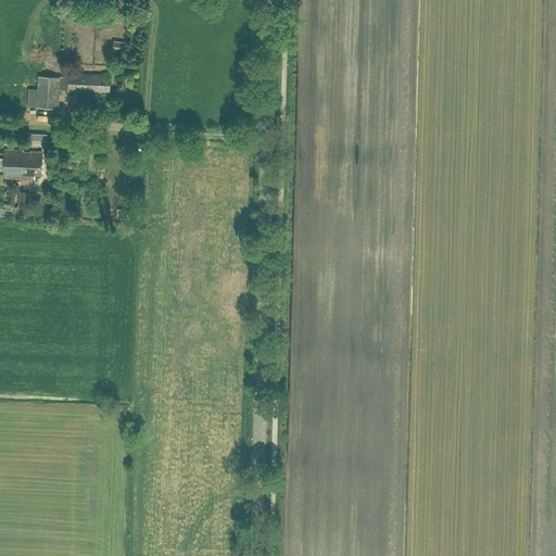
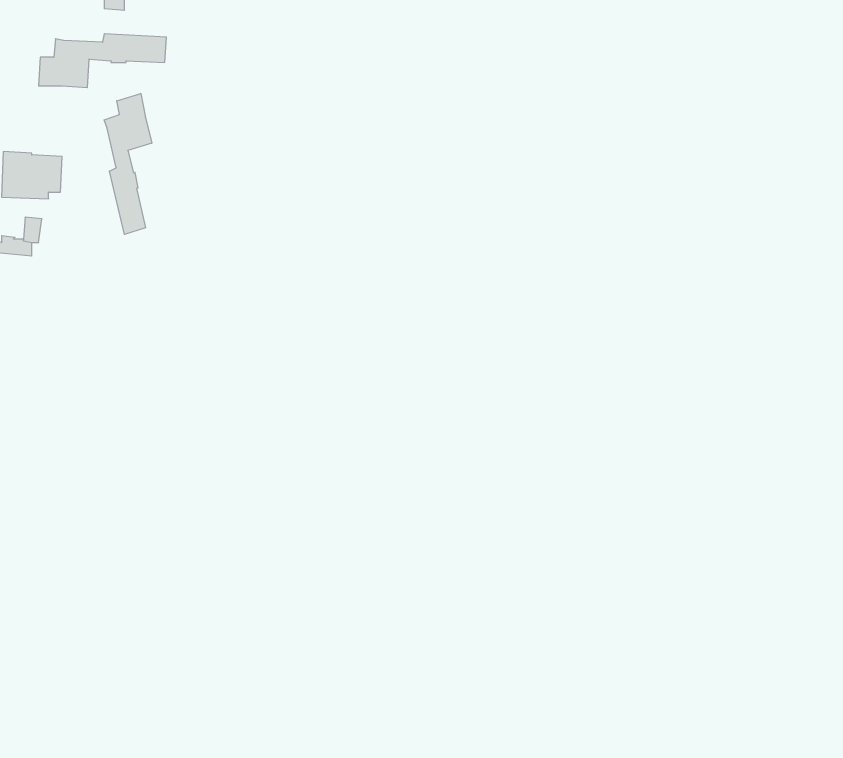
building: none -> [104,93,152,234]

